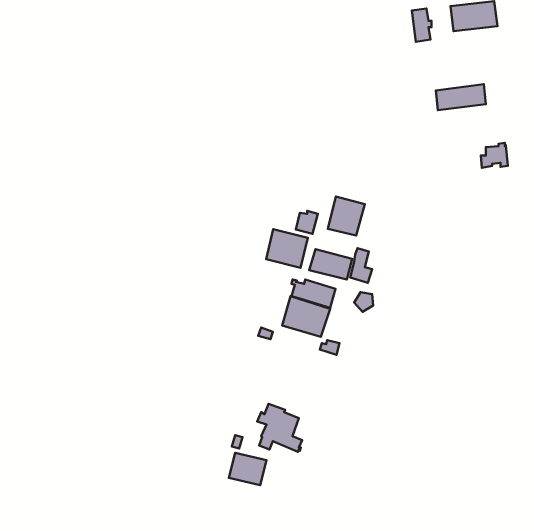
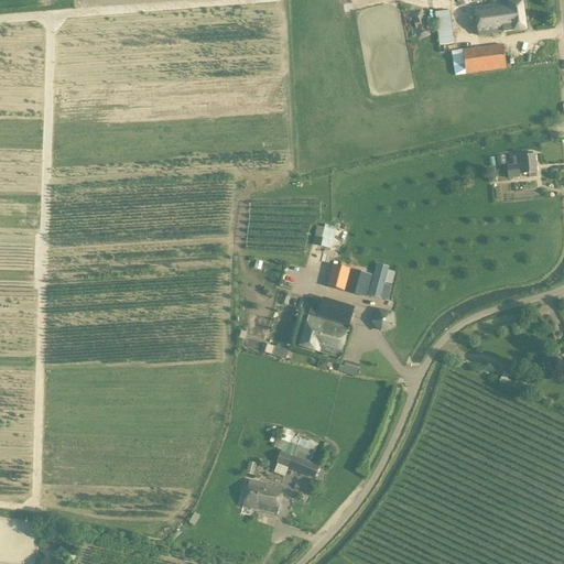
building: [436,84,486,110] -> [452,44,505,72]
building: [328,196,365,236] -> none
building: [266,229,308,268] -> none

